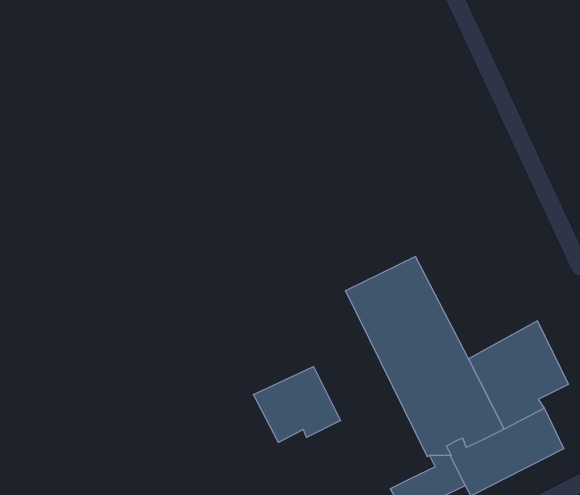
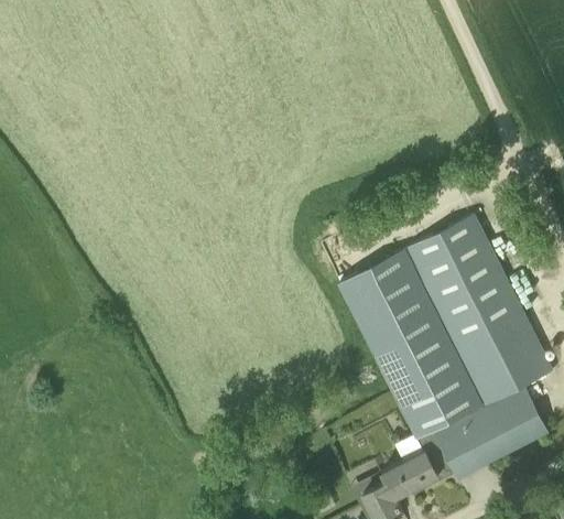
building: none -> [405,215,522,348]
building: [253,367,341,442] -> none

